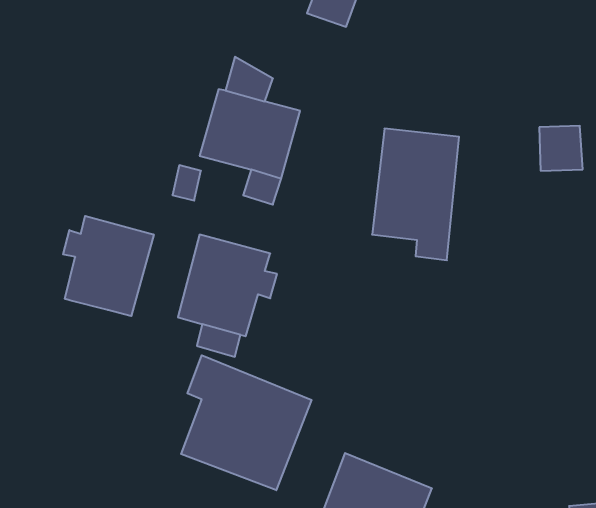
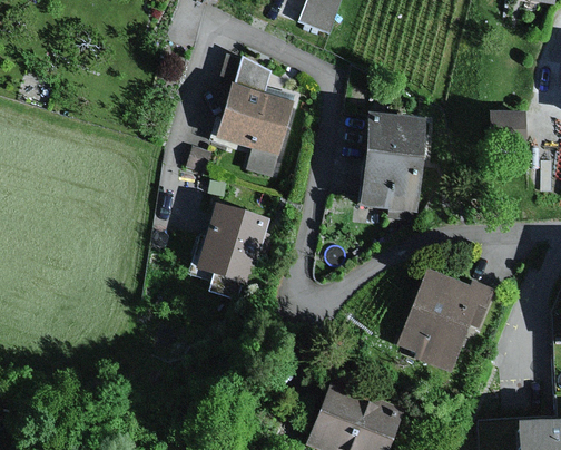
building: [63,216,154,316] -> none
building: none -> [400,268,498,371]
building: [181,355,312,490] -> none

